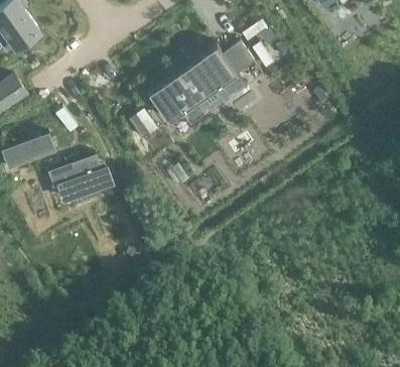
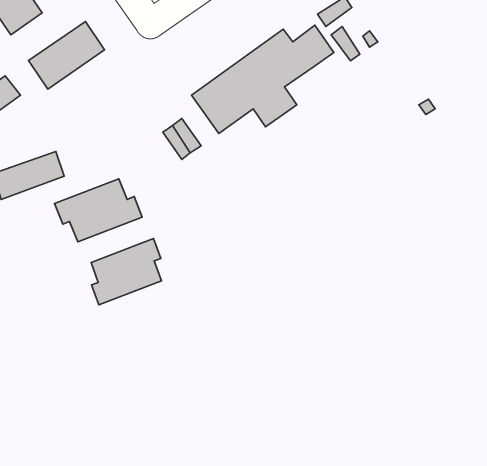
building: none -> [29,21,105,89]
building: none -> [91,238,161,305]

